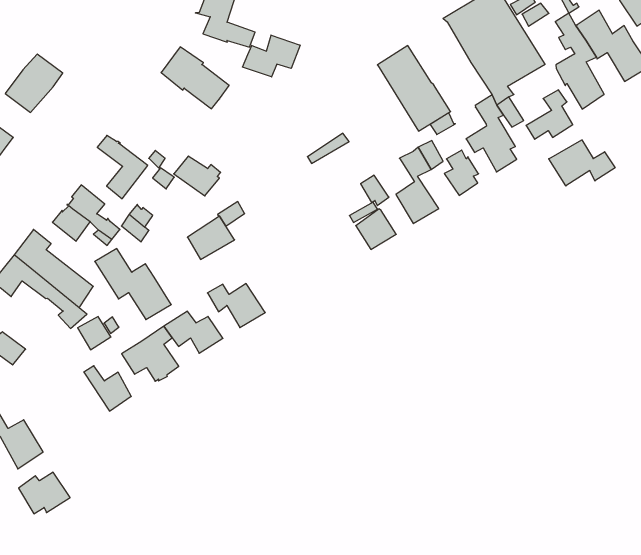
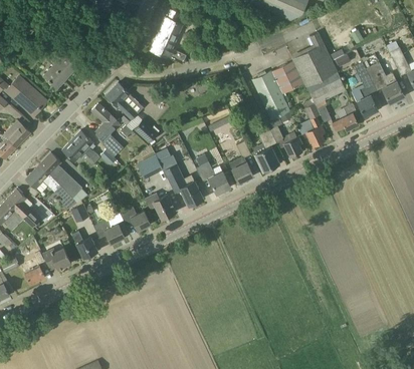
building: none -> [270,60,304,94]
building: [243,35,300,77] -> none
building: [161,47,229,109] -> [106,83,143,119]
building: [549,140,615,186] -> none
building: none -> [196,154,230,194]
building: [95,249,171,320] -> [163,164,203,206]
building: [19,472,70,514] -> [43,248,71,270]

